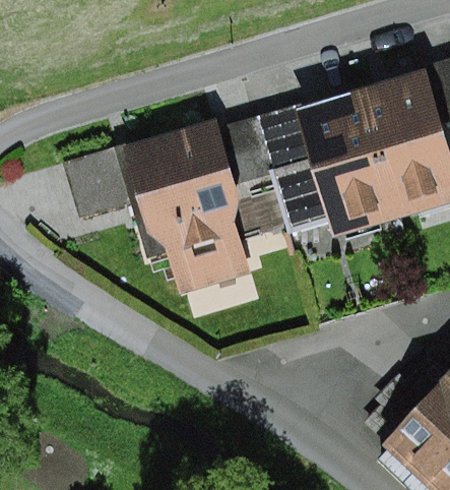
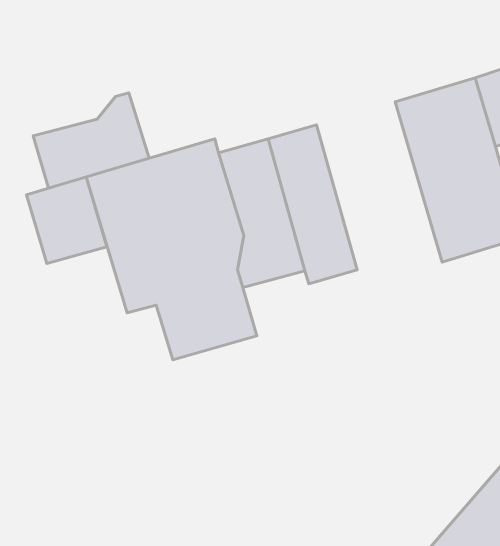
building: none -> [33,93,149,188]
building: [298,88,398,236] -> none

